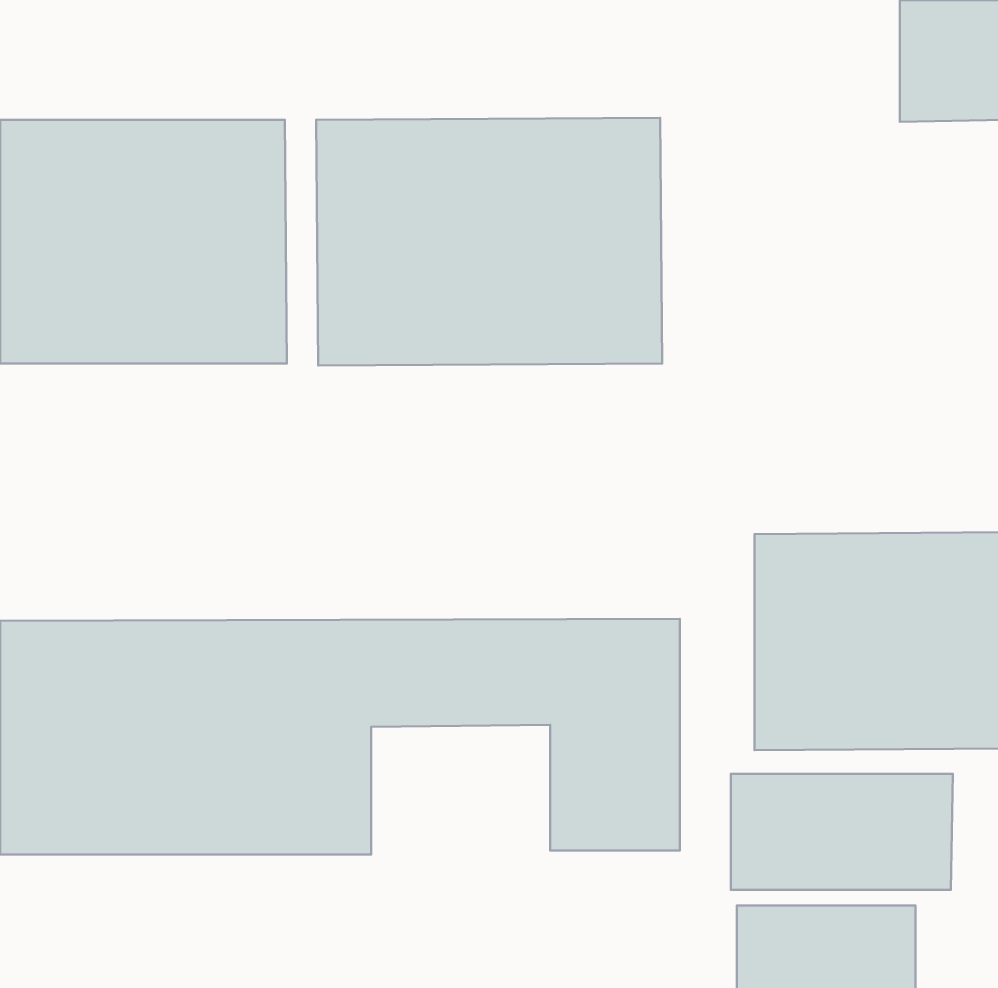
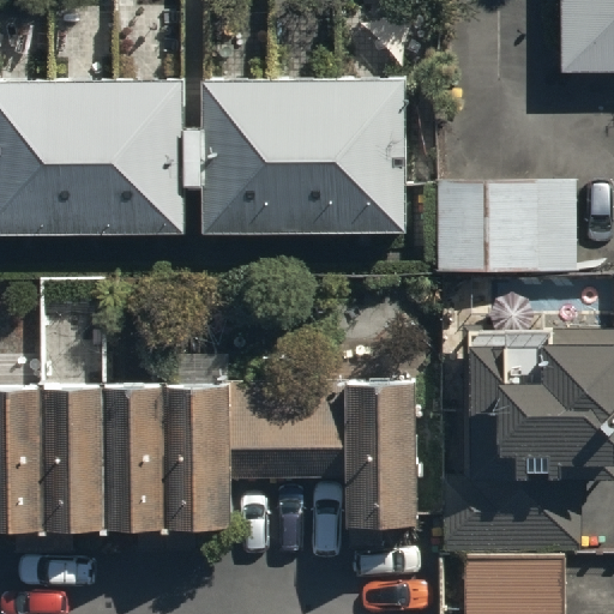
building: none -> [444,192,572,271]

